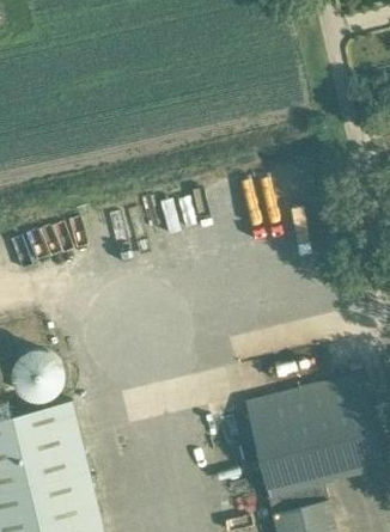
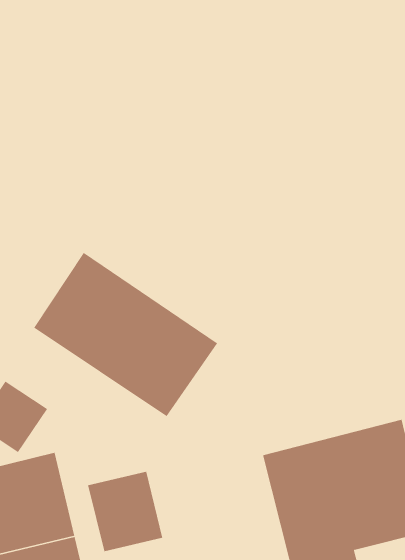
building: none -> [33,252,218,417]
building: none -> [87,471,163,552]

